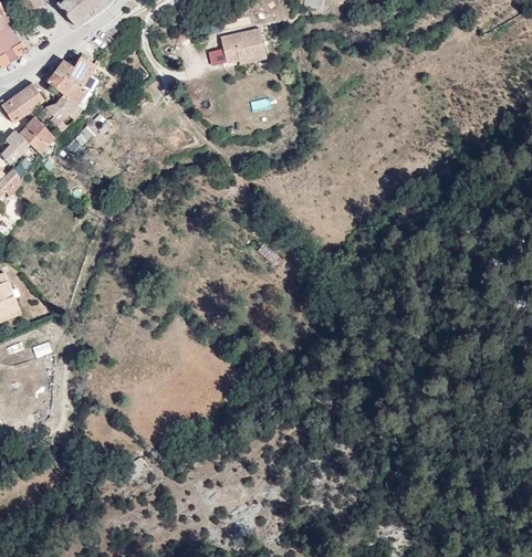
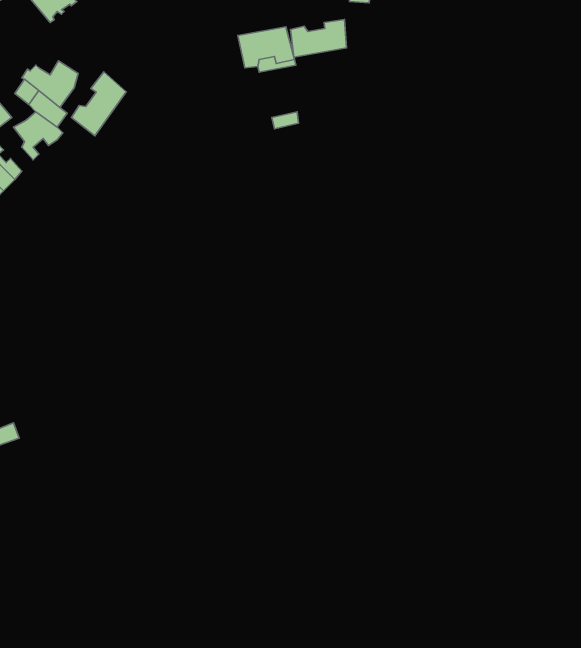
building: none -> [290,20,346,57]
building: none -> [72,72,126,136]

